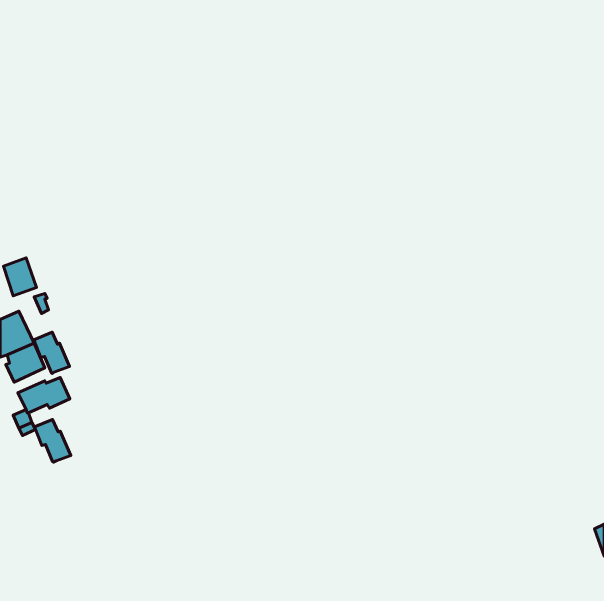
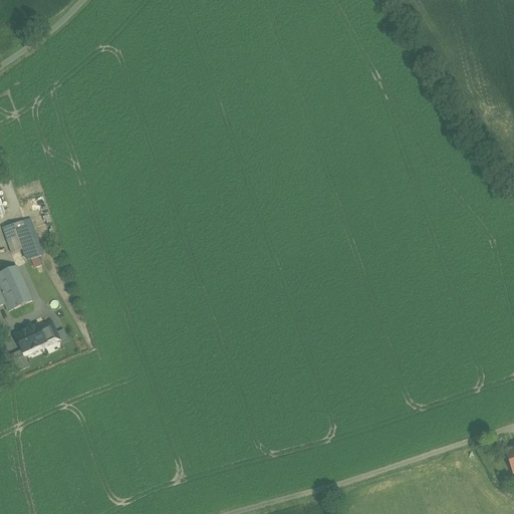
building: [34,332,70,373] -> none
building: [34,419,71,462] -> none

